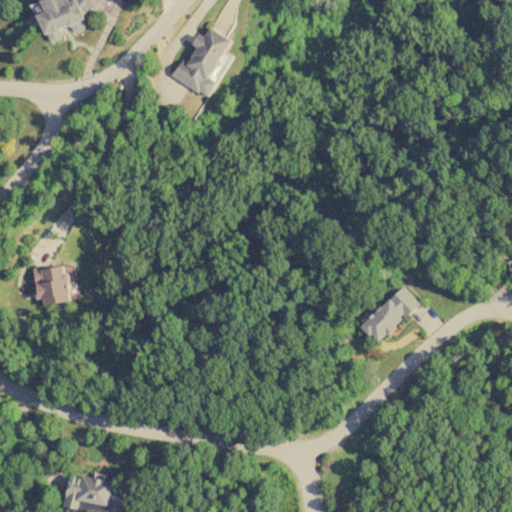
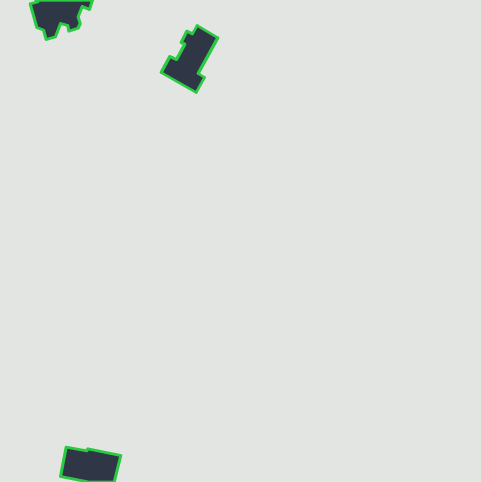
building: [32,264,71,305] -> none
building: [361,286,419,343] -> none

